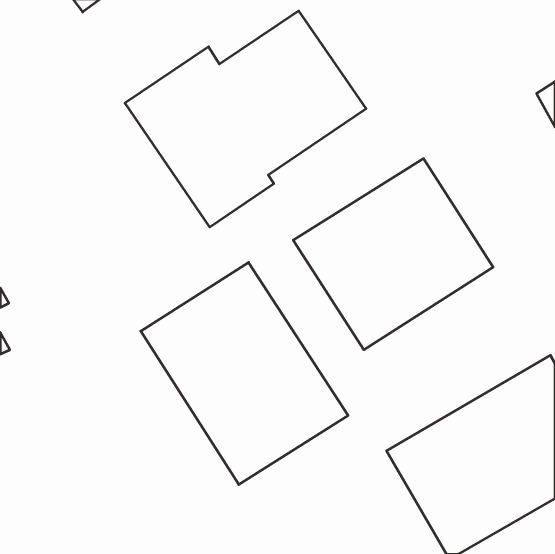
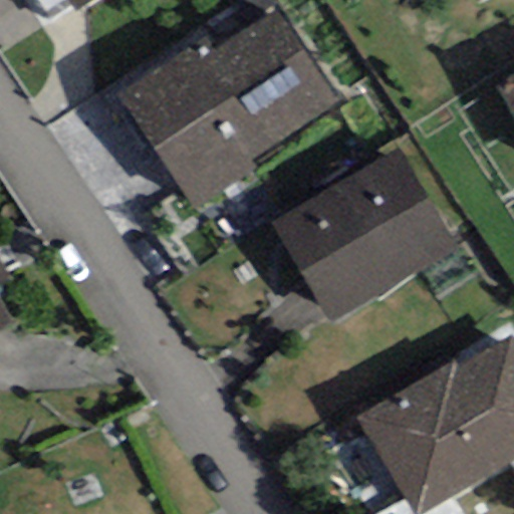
building: [141,262,348,485] -> none

